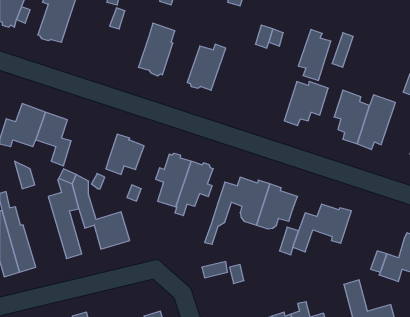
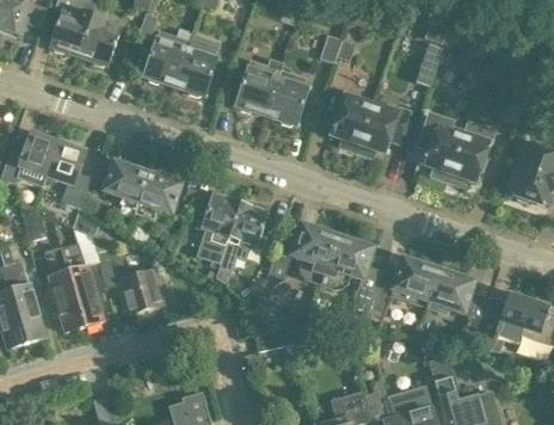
building: none -> [78,14,121,66]
building: none -> [135,27,191,86]
building: [298,30,331,80] -> [330,90,370,153]
building: none -> [264,76,307,125]
building: none -> [101,160,147,202]
building: none -> [44,247,84,331]
building: none -> [425,265,473,313]

